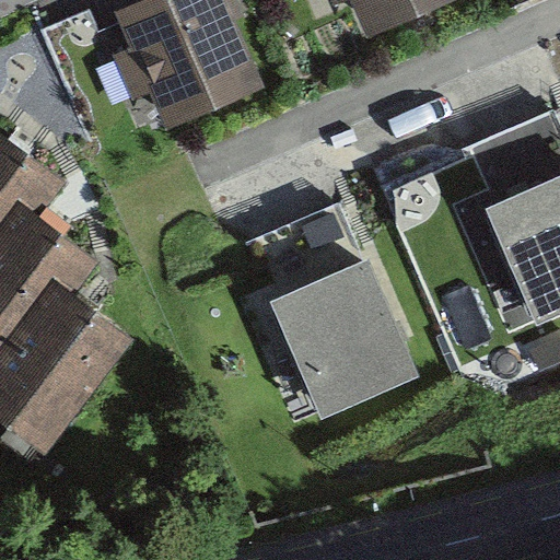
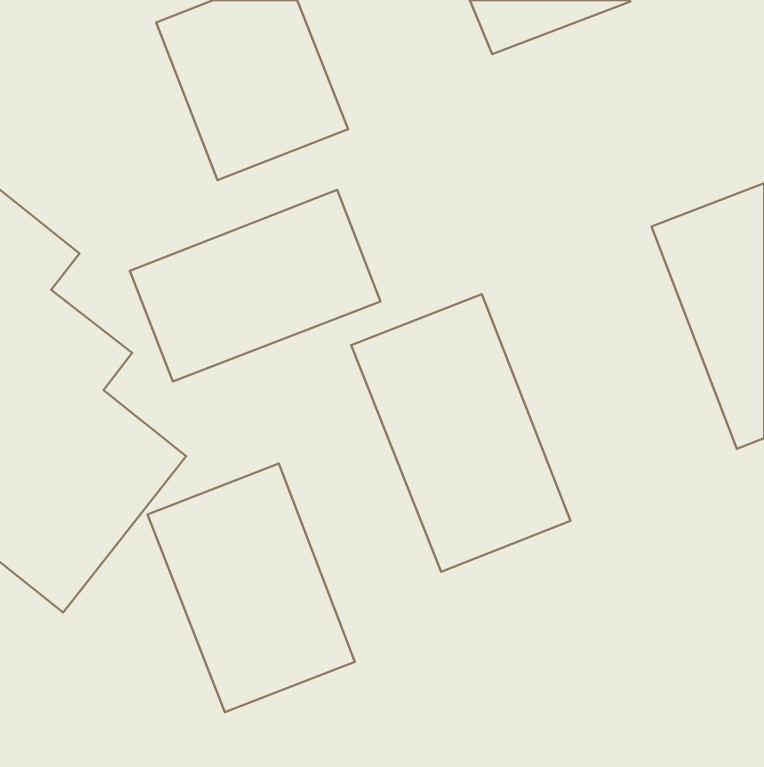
building: none -> [130,190,381,381]
building: none -> [148,463,355,712]

